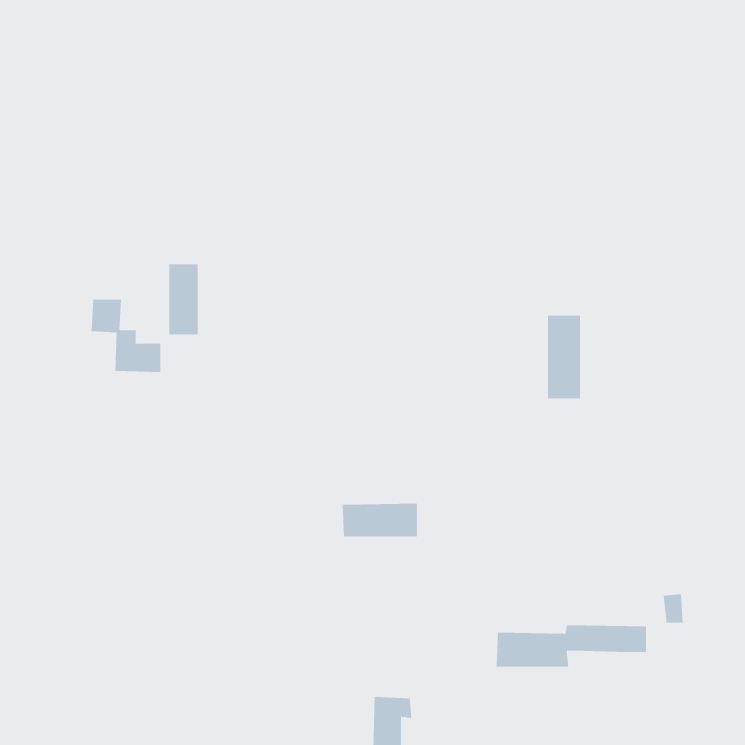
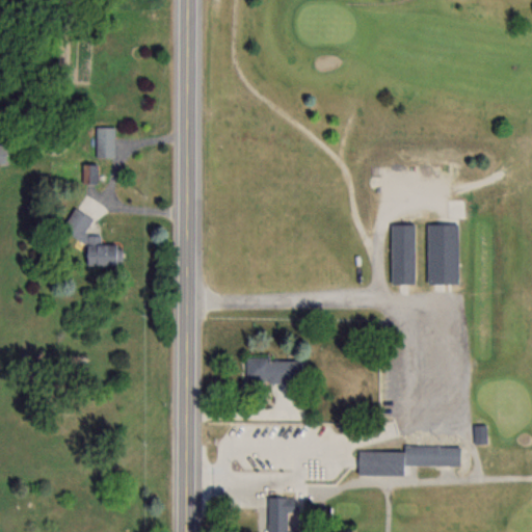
building: none -> [97,129,114,160]
building: [169,263,198,335] -> none
building: none -> [428,225,459,285]

